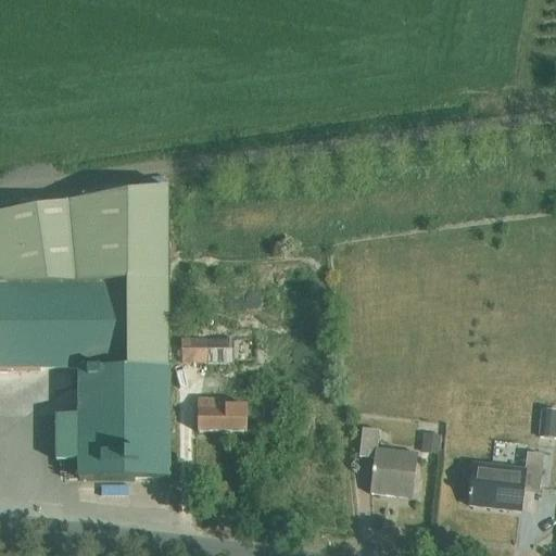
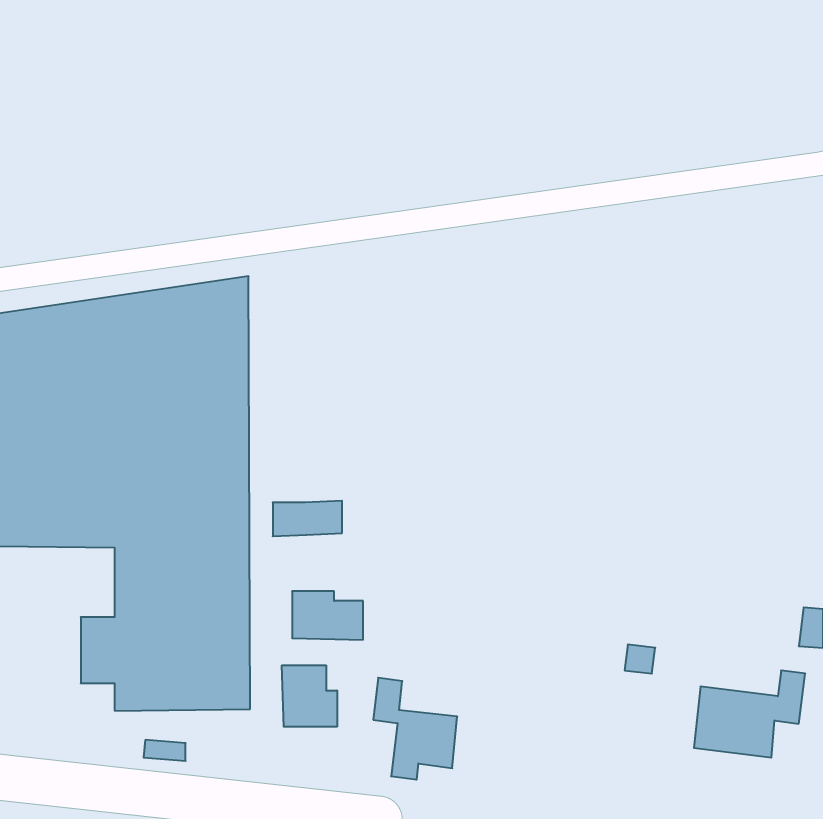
building: [361,424,417,492] -> [373,678,457,780]
building: none -> [282,665,337,727]

